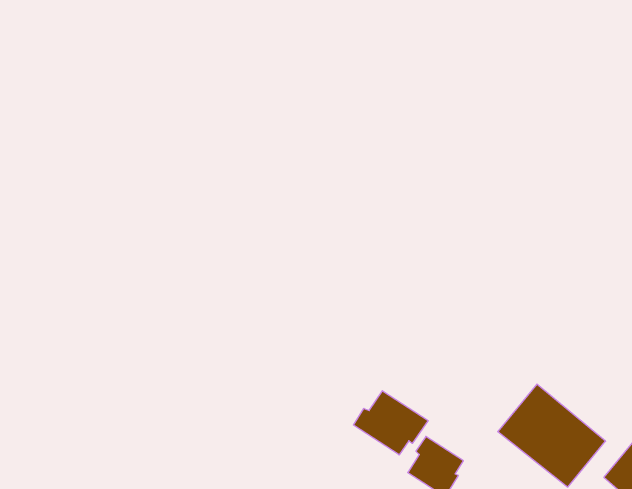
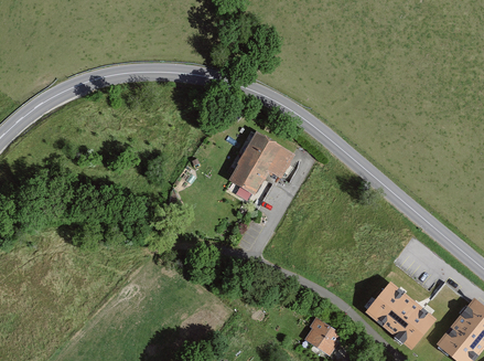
building: none -> [229,130,295,193]
building: [353,391,428,455] -> none

